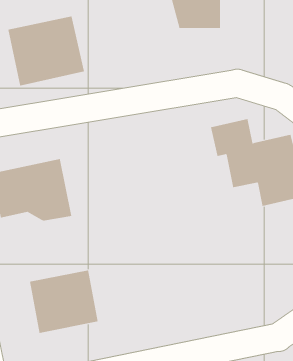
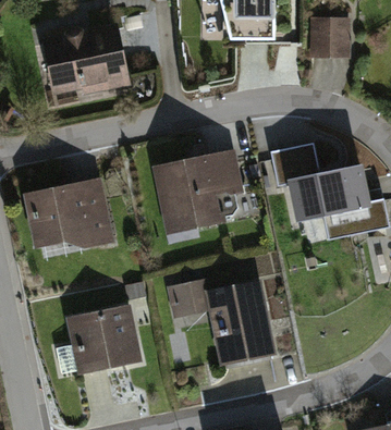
building: none -> [311,16,350,54]
building: none -> [156,150,240,232]
building: none -> [169,278,281,368]

